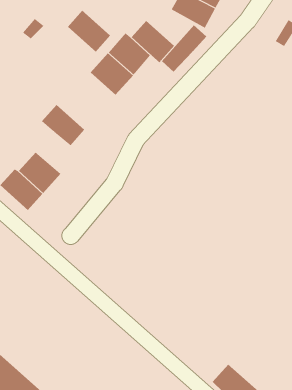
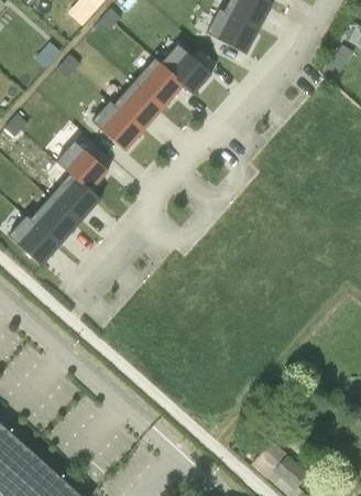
building: [67,10,111,53] -> [92,101,143,151]
building: [161,25,207,72] -> none
building: none -> [51,173,101,222]

